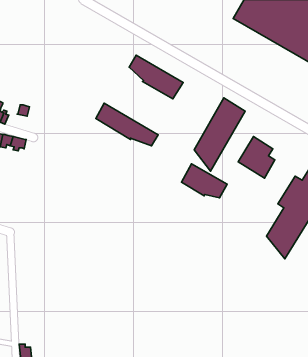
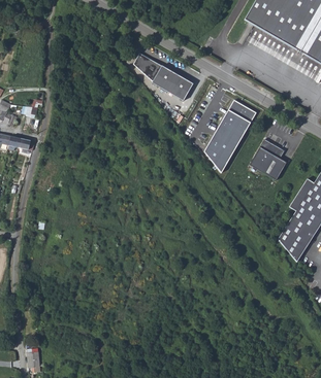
building: [96,103,158,146] -> none
building: [181,164,227,198] -> none

